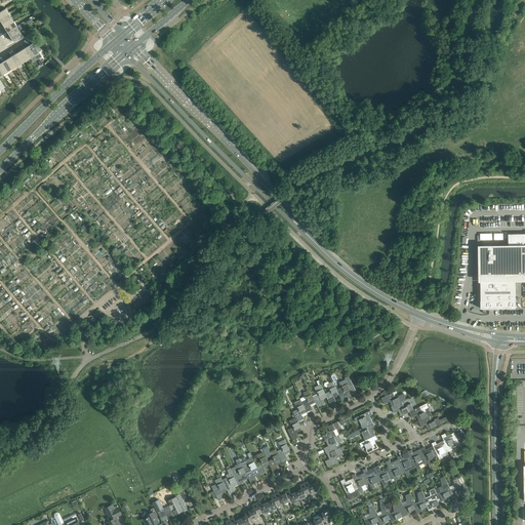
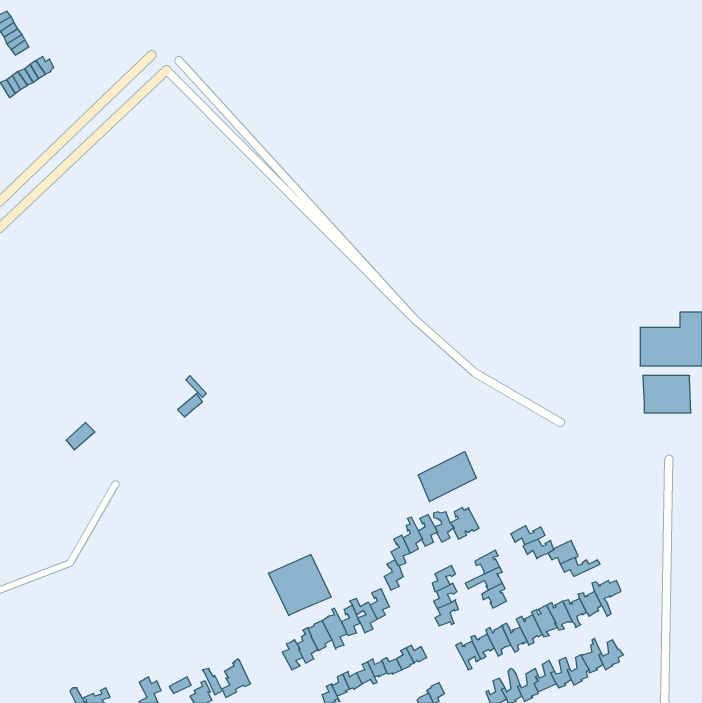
building: none -> [418,452,476,502]
building: none -> [268,554,331,616]

